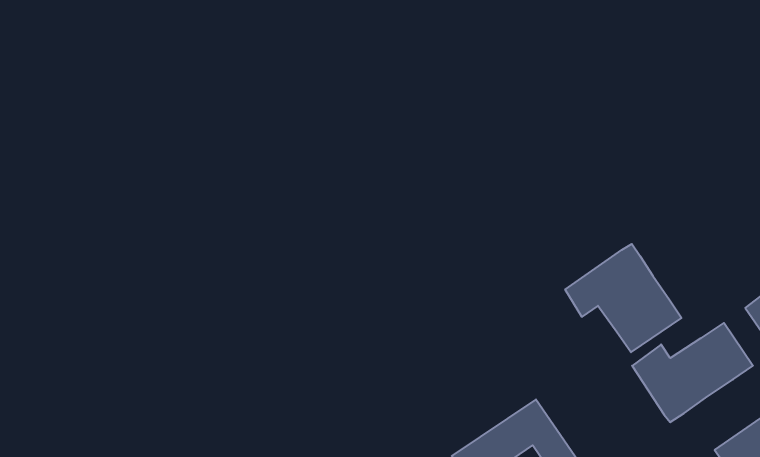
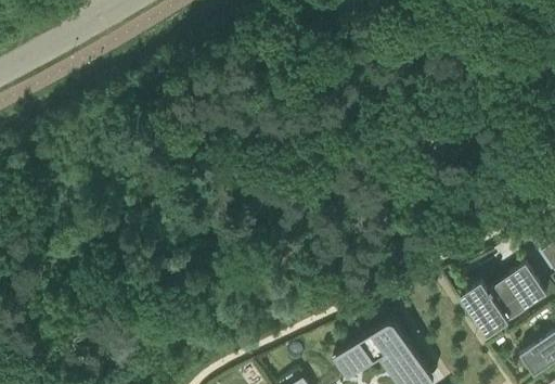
building: [565,244,681,352] -> none

